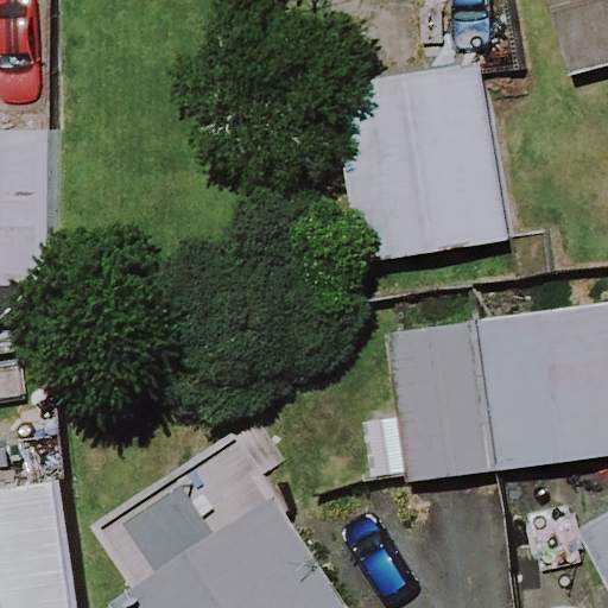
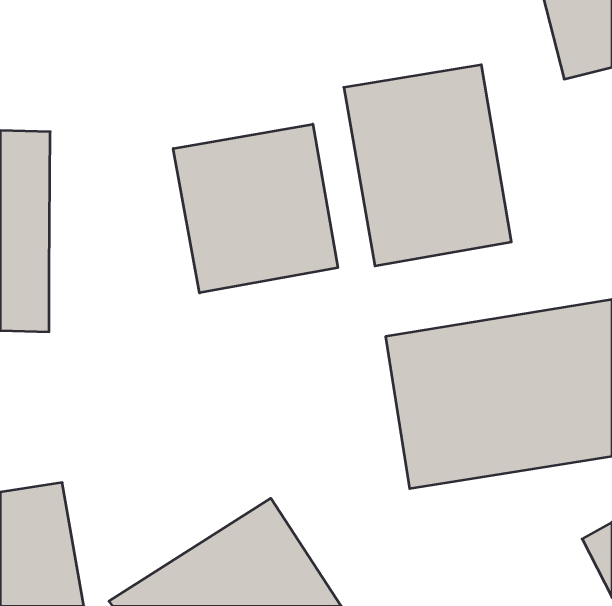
building: none -> [173,124,338,293]

